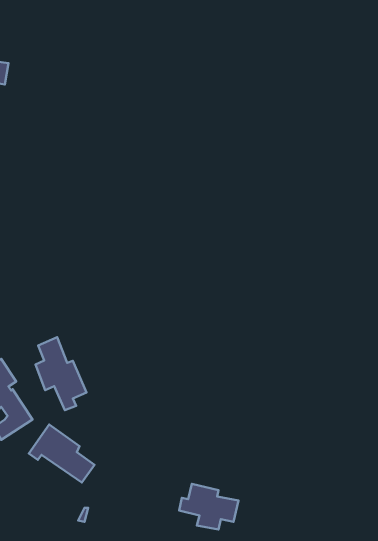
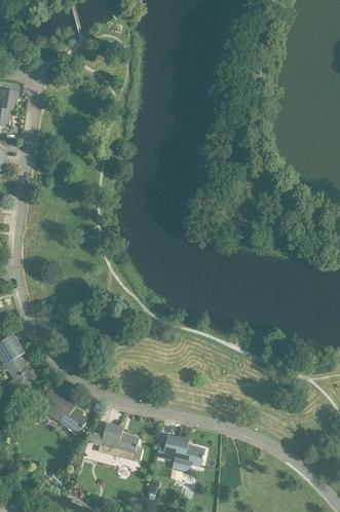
building: [35,337,86,410] -> none
building: none -> [89,423,140,461]

